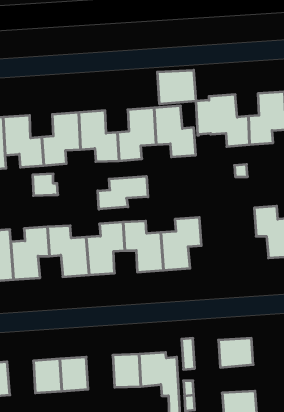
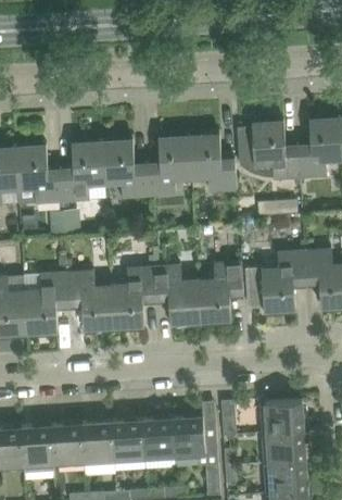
building: [157,70,196,104] -> none
building: [98,176,148,209] -> none
building: none -> [248,251,307,312]
building: none -> [112,421,144,460]
building: none -> [21,427,54,482]
building: none -> [266,432,306,464]

